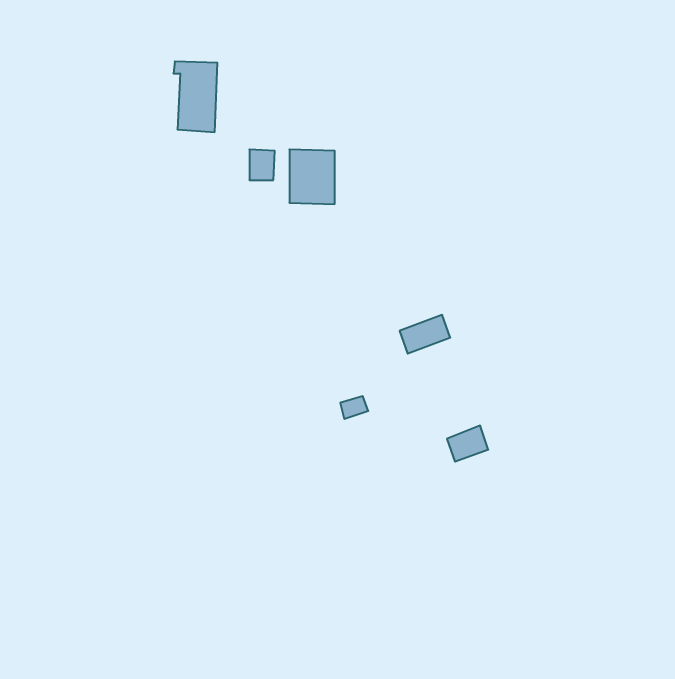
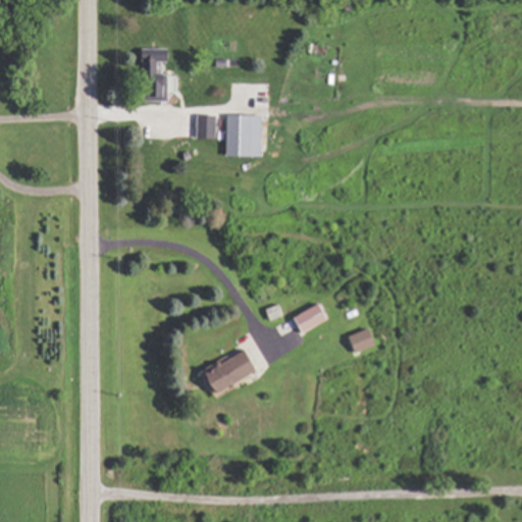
building: [400,315,450,354] -> [292,302,330,331]
building: none -> [199,352,253,394]

